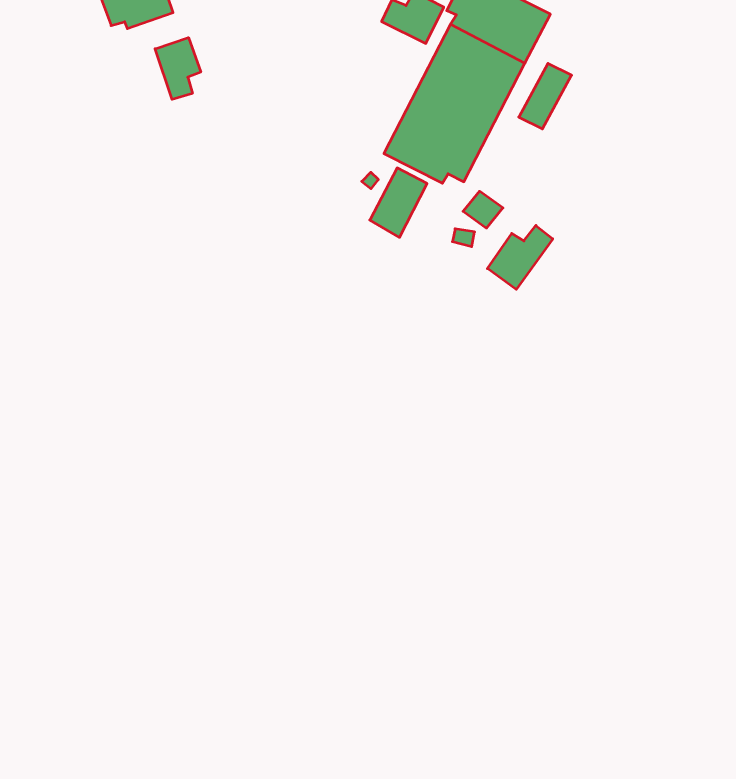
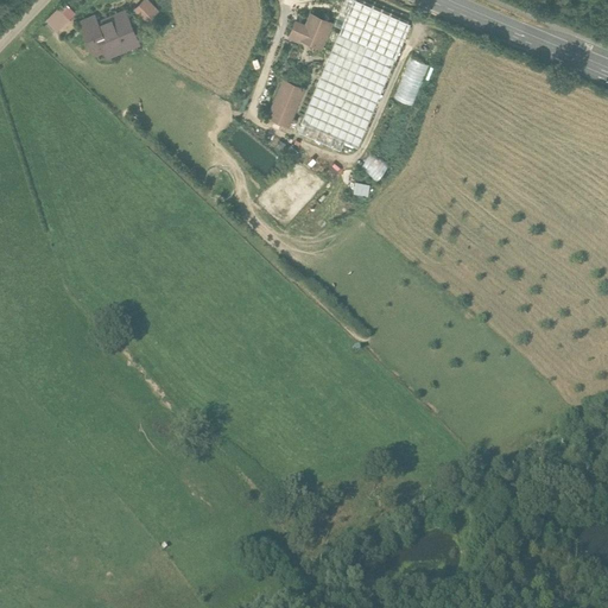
building: [155,38,201,99] -> none
building: [370,168,427,237] -> [266,80,305,129]
building: [487,225,553,289] -> none

